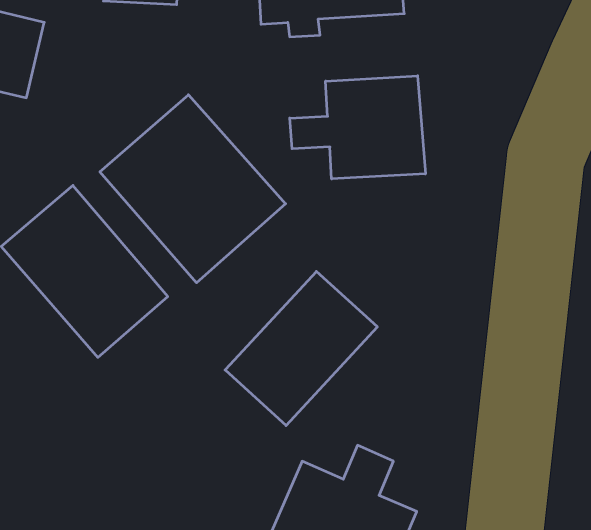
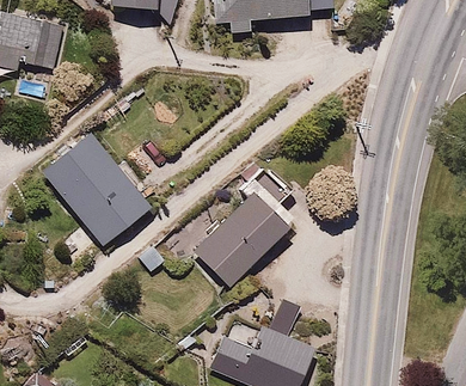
building: [290,76,425,179] -> none
building: [100,95,286,283] -> none

